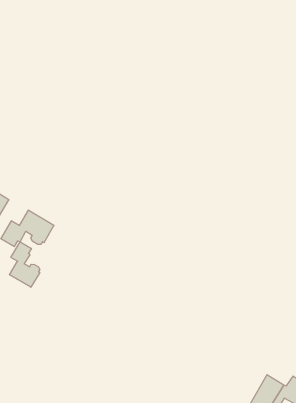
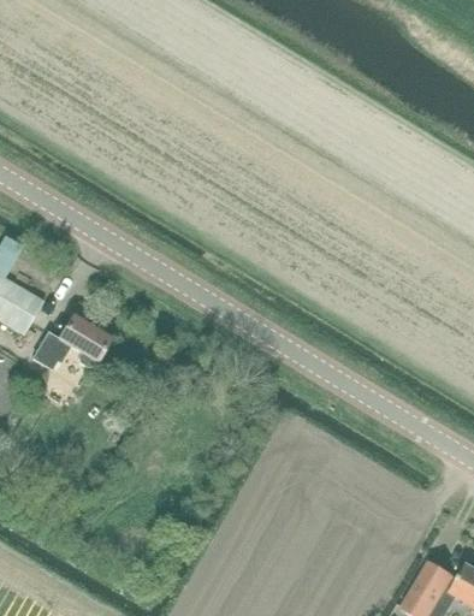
building: [9,242,40,287] -> none

